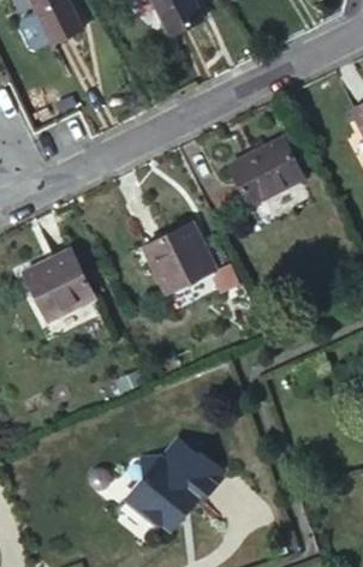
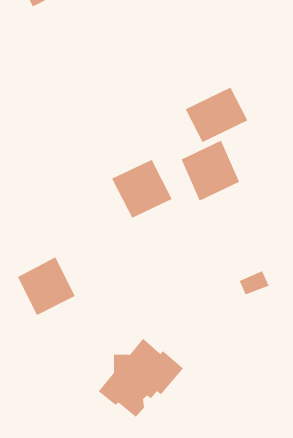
building: none -> [181,140,240,201]
building: [24,250,93,320] -> [17,256,75,316]

